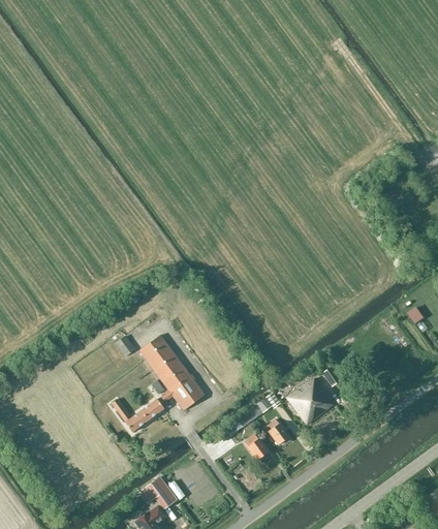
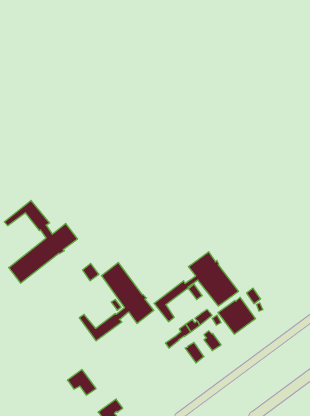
building: none -> [4,200,77,283]
building: none -> [154,252,238,322]
building: [140,478,177,510] -> [67,370,96,395]

